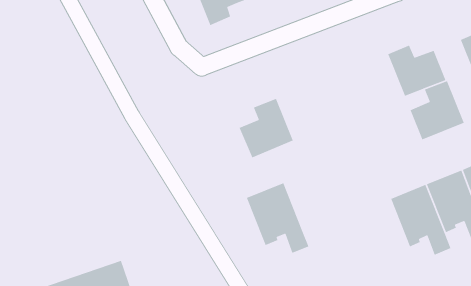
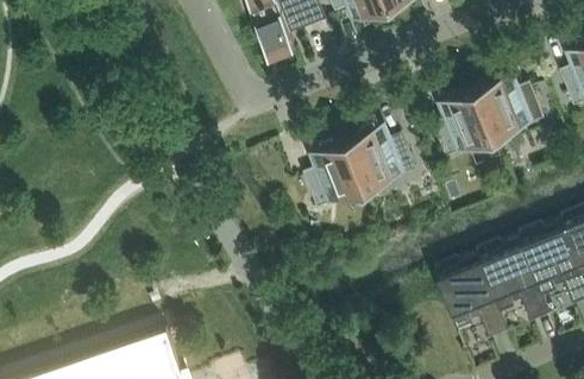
building: [409,80,465,141] -> [432,89,496,159]
building: none -> [347,130,416,190]
building: [246,182,309,262] -> [435,257,509,349]

